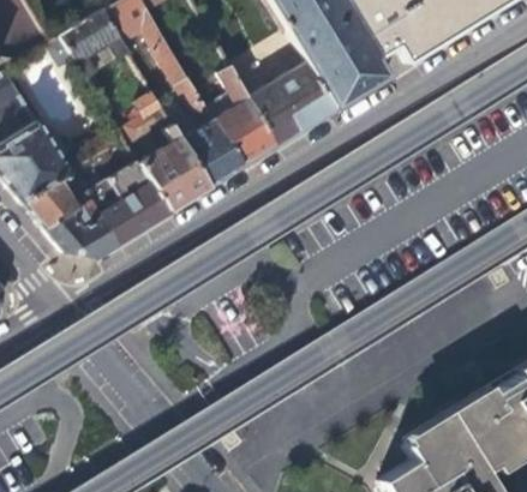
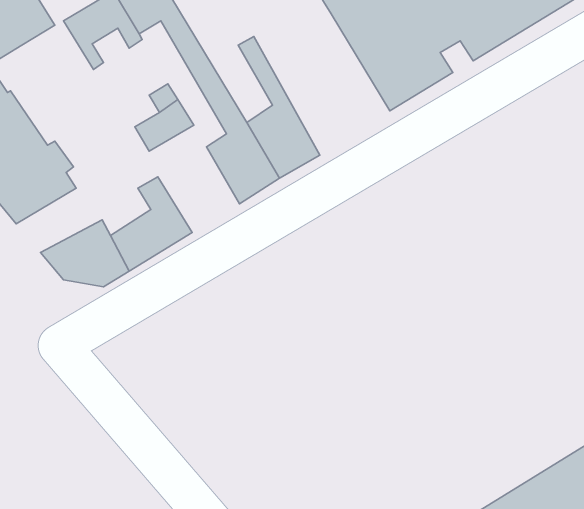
building: [220,28,334,146] -> none
building: [139,126,208,211] -> none
building: [20,170,92,228] -> none

